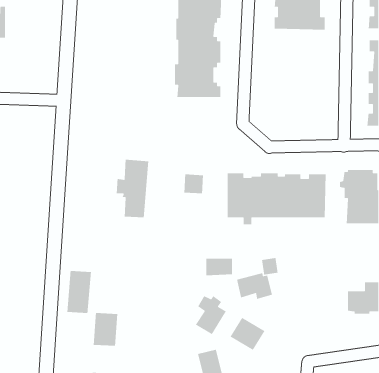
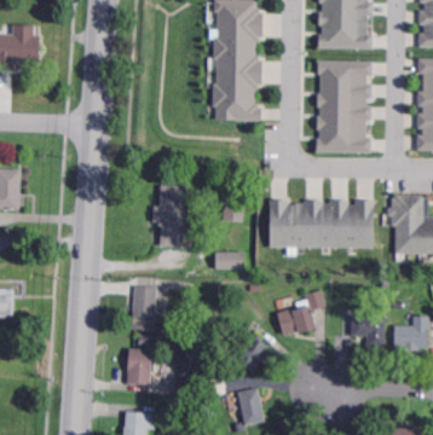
building: none -> [316,62,371,155]
building: [205,258,233,276] -> [214,253,243,272]
building: [67,270,92,314] -> [131,285,157,331]
building: none -> [351,314,385,346]
building: [230,317,266,351] -> none

